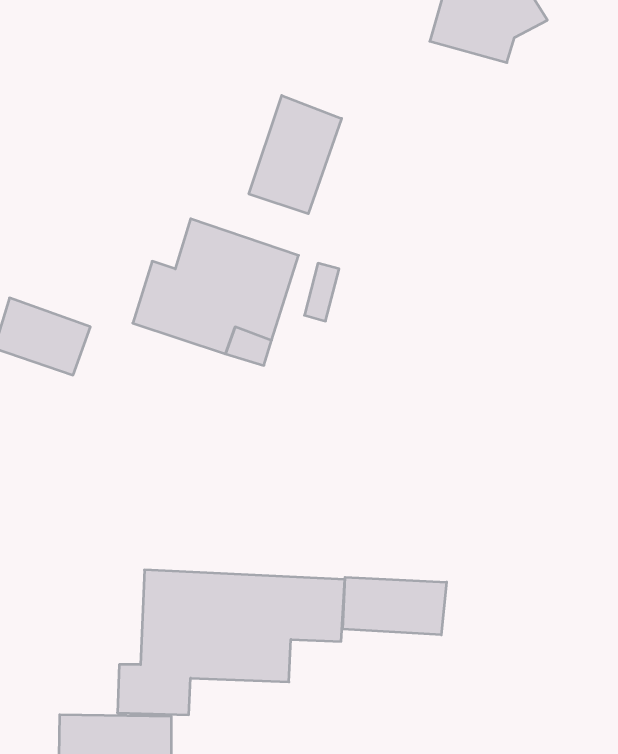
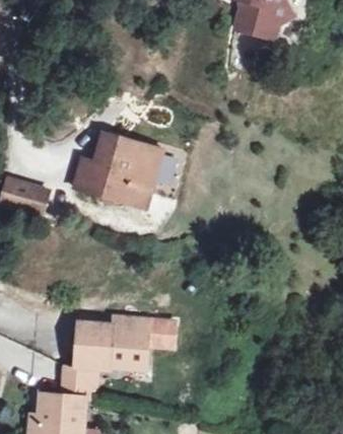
building: [249,95,342,214] -> none
building: [343,577,447,635] -> none

